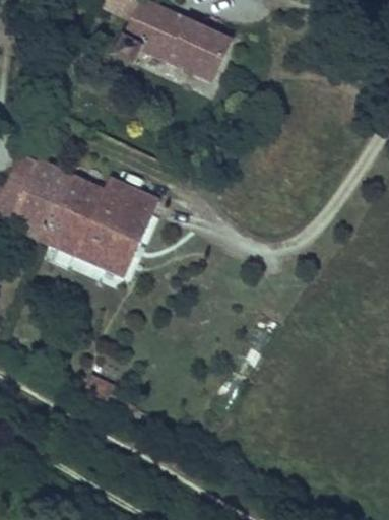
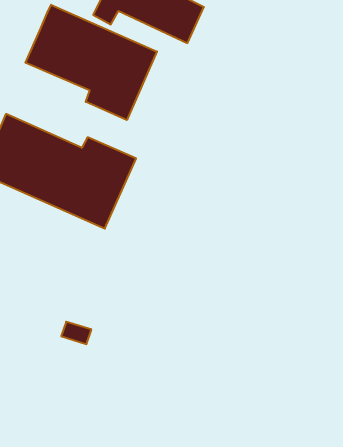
building: none -> [25,5,157,120]

